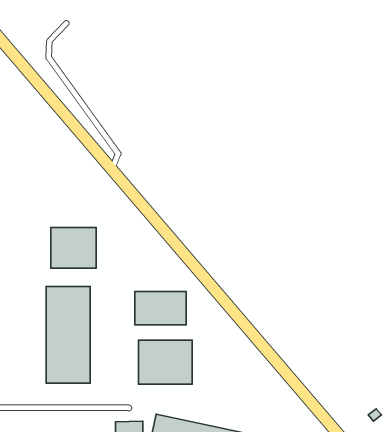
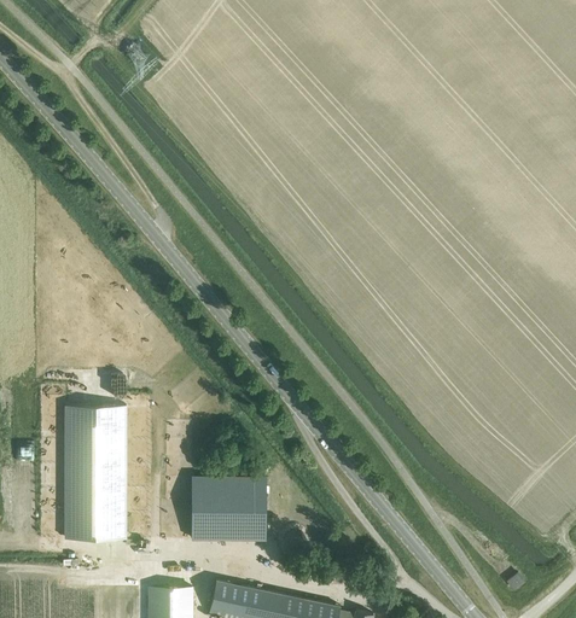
building: [51,227,96,268] -> none
building: [135,292,186,325] -> none

